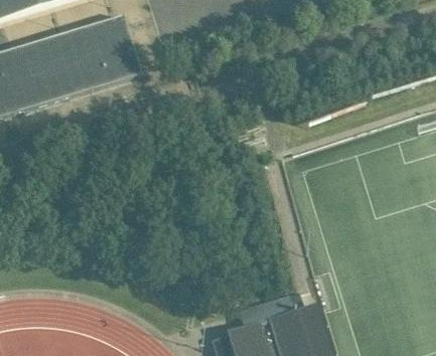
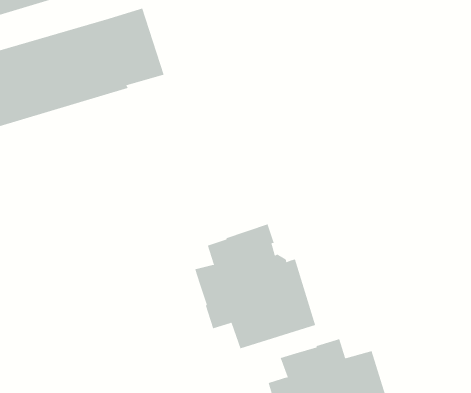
building: none -> [194,223,316,349]

